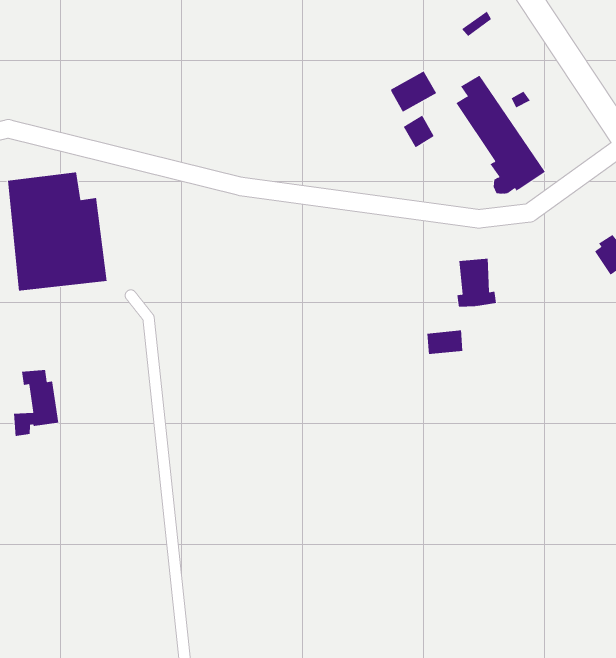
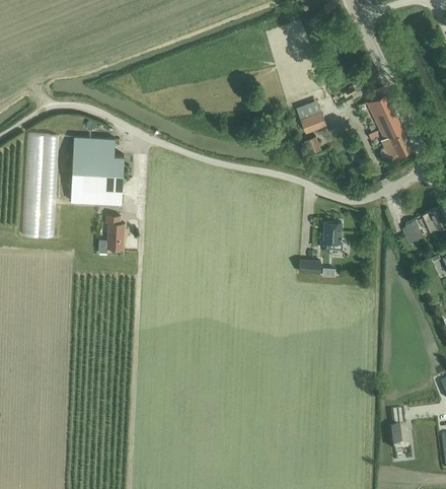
building: [456,75,546,194] -> [366,88,412,158]
building: [13,370,59,436] -> [97,216,124,253]

